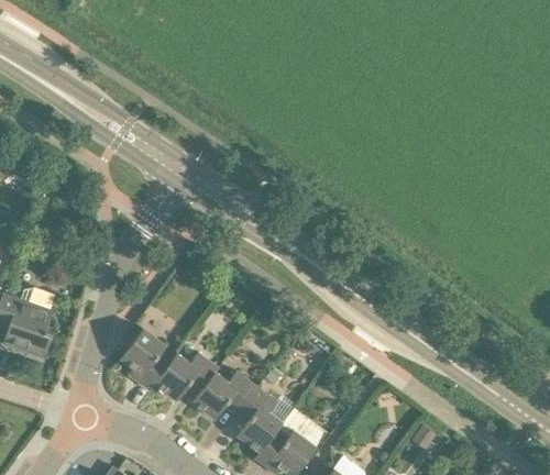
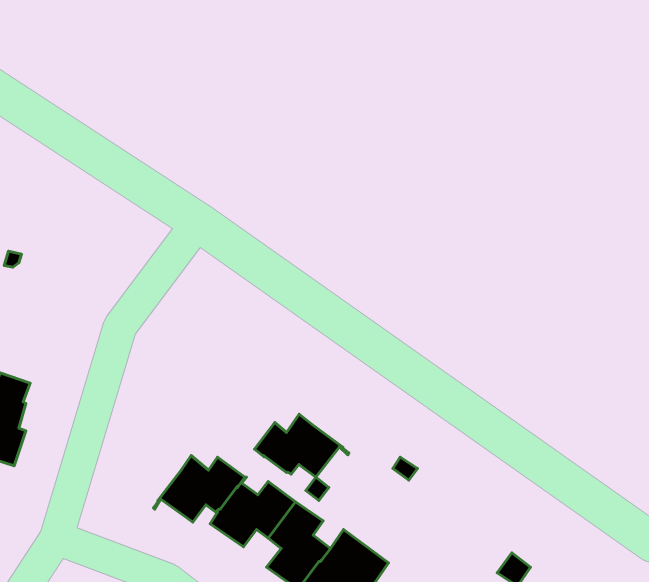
building: none -> [254,414,349,477]
building: [120,329,178,391] -> none

